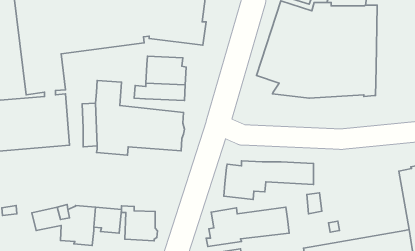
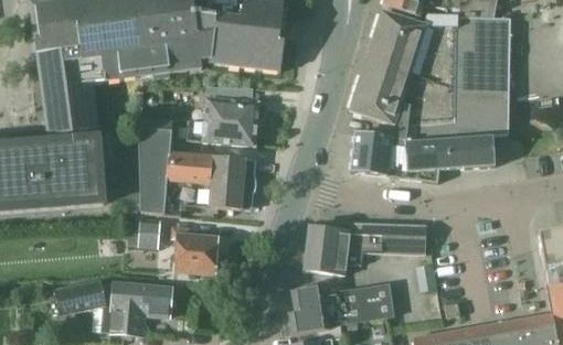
building: none -> [350,131,493,183]
building: none -> [128,217,161,247]
building: [122,206,158,241] -> [173,226,221,272]

